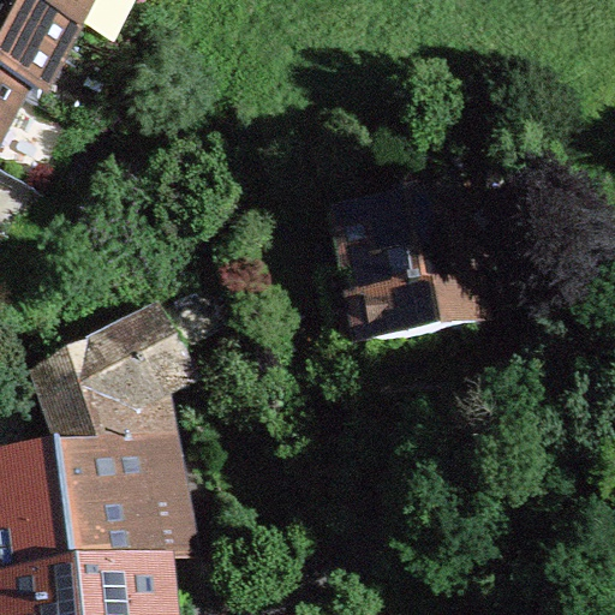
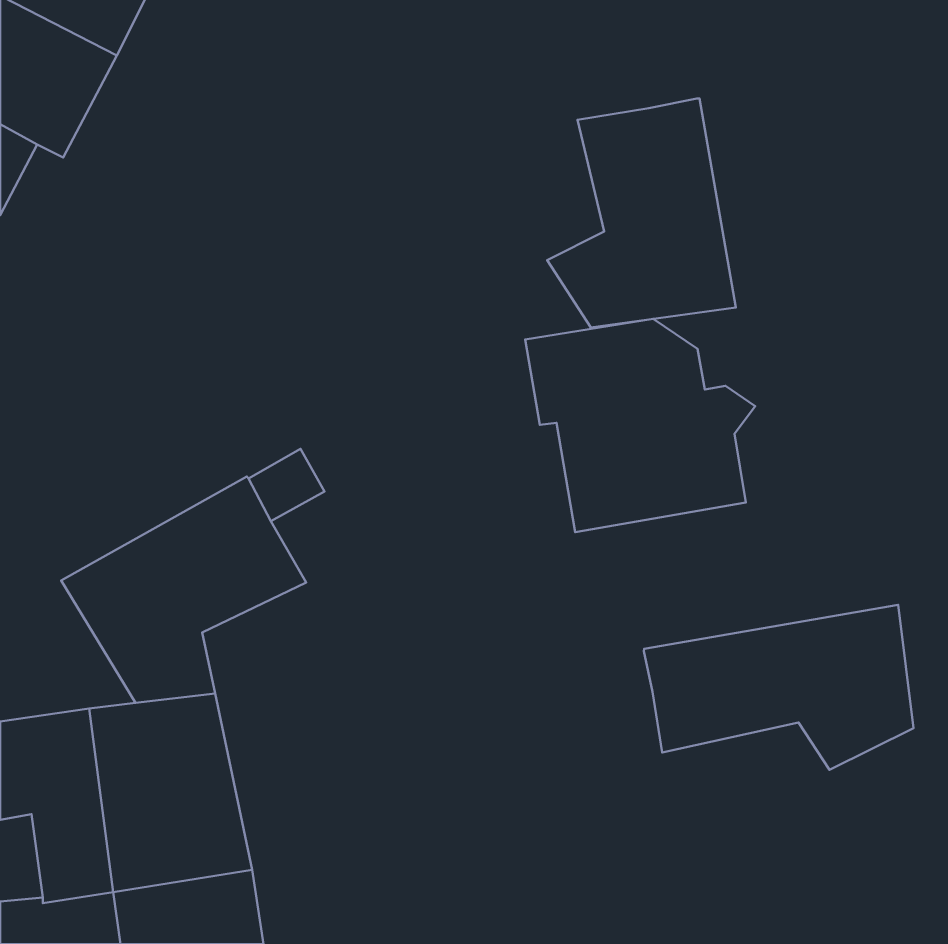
building: none -> [547,98,736,328]
building: none -> [644,605,913,770]

